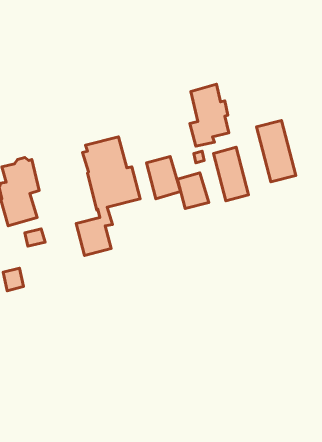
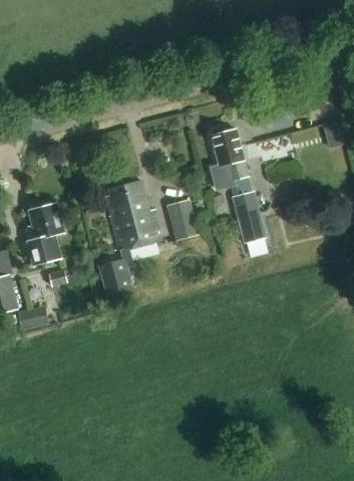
building: [256,121,296,182] -> none
building: [178,173,209,209] -> none

